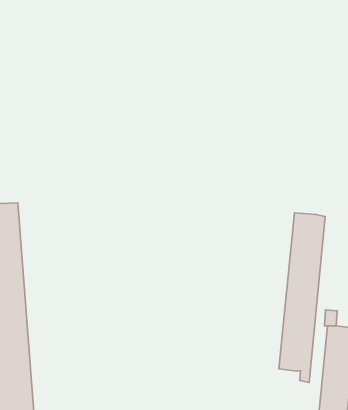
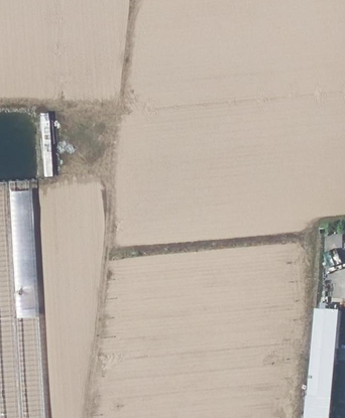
building: [279,213,325,383] -> none

